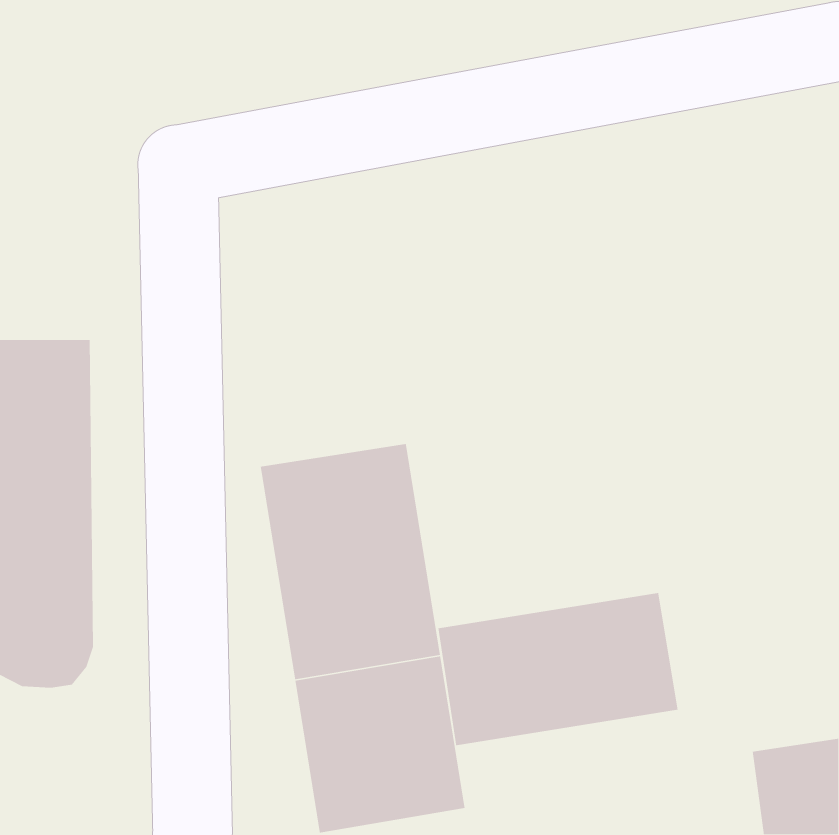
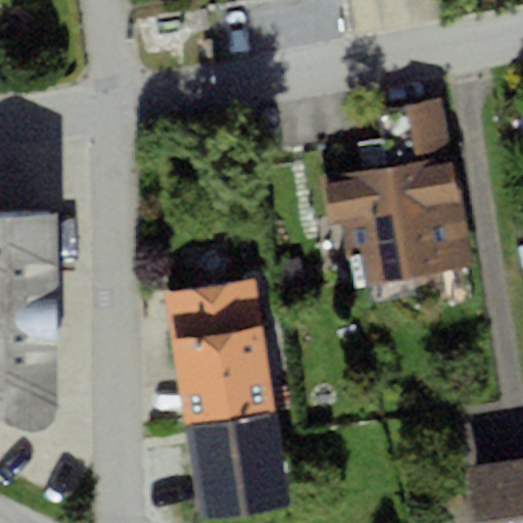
building: none -> [328,114,473,283]
building: [437,592,679,746] -> none

